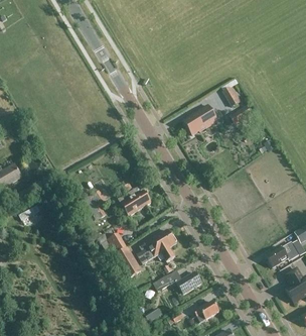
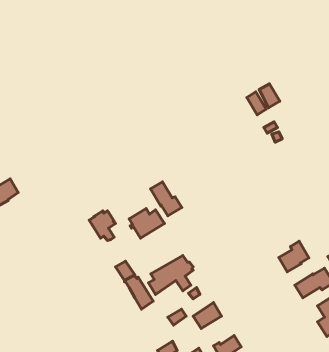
building: [184,104,217,134] -> none
building: none -> [150,182,182,216]
building: none -> [279,241,309,272]

